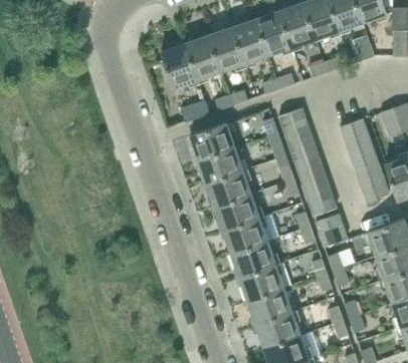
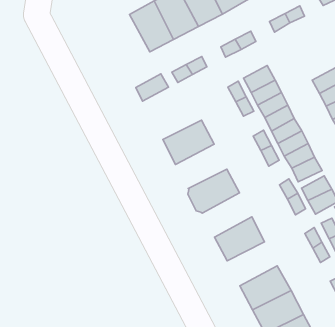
building: [161,43,198,87] -> none
building: [190,122,235,159] -> none
building: [206,170,251,207] -> none
building: [223,218,267,254] -> none
building: [239,265,283,301] -> none

